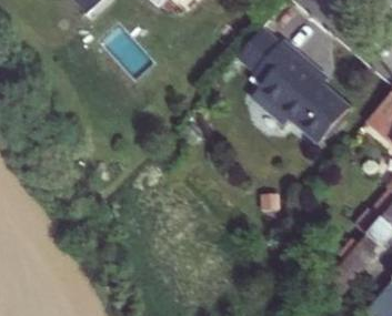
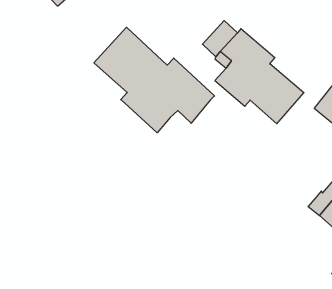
building: none -> [94,27,215,133]

